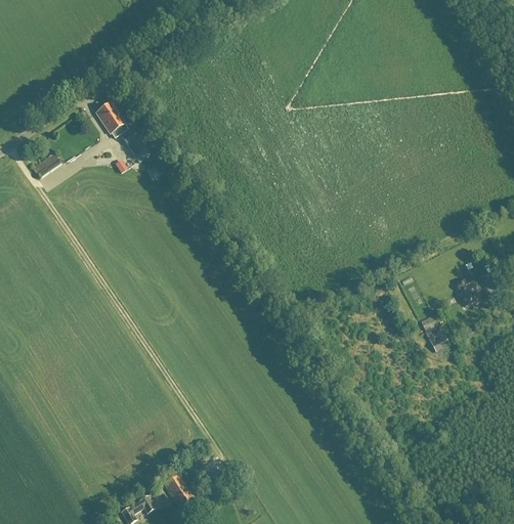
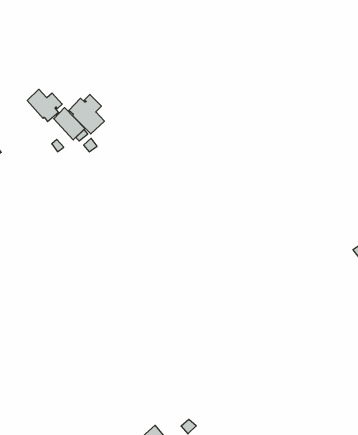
building: none -> [69,94,104,134]

